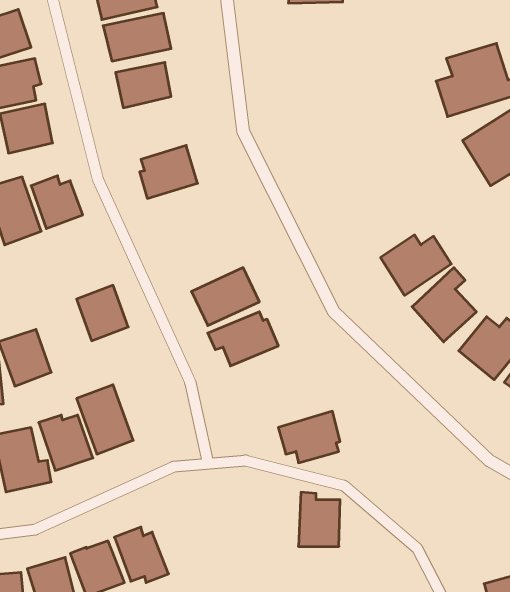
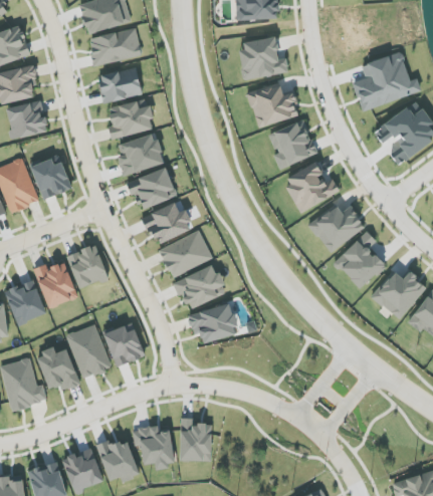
building: none -> [238,36,288,80]
building: none -> [247,82,297,128]
building: none -> [107,98,154,140]
building: none -> [268,119,316,169]
building: none -> [283,162,340,212]
building: none -> [126,168,177,210]
building: none -> [143,203,193,245]
building: none -> [32,262,78,308]
building: none -> [104,323,144,365]
building: [278,411,340,463] -> [187,302,236,343]
building: [298,492,340,546] -> [179,418,212,461]
building: none -> [133,426,174,468]

